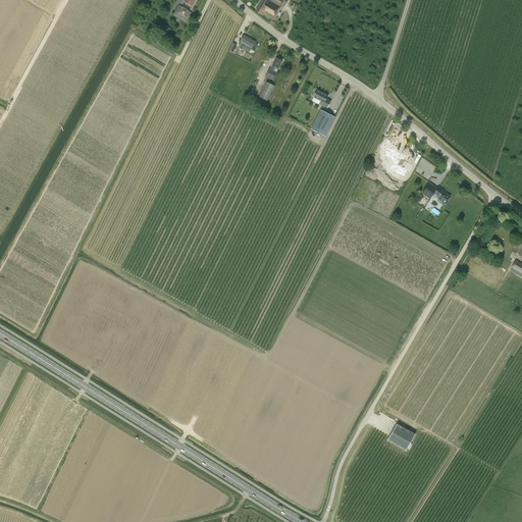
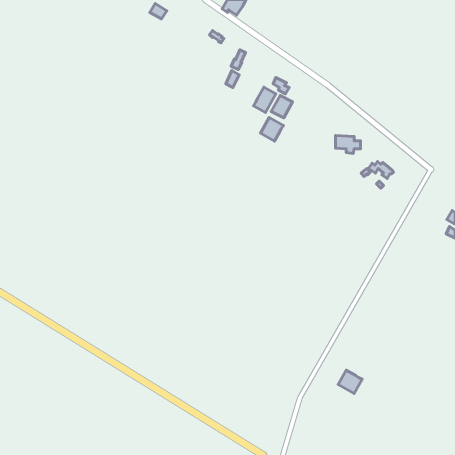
building: none -> [253,87,276,113]
building: none -> [260,118,283,141]

